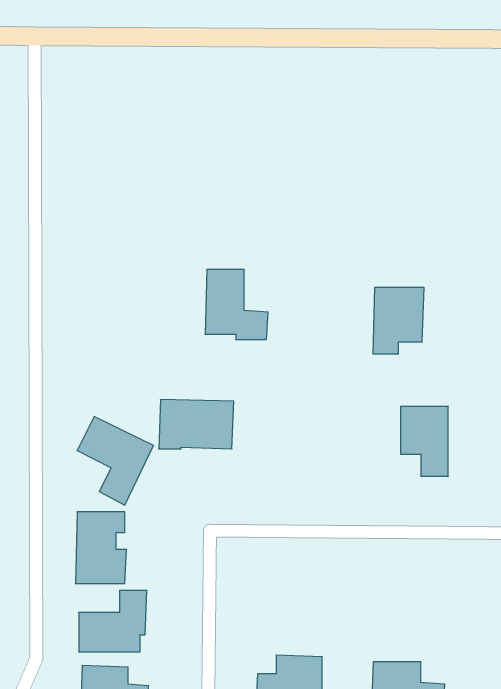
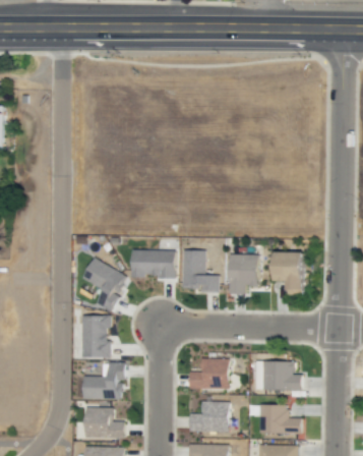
building: [205,270,268,339] -> [182,250,220,292]
building: [373,287,424,354] -> [229,254,259,294]
building: none -> [189,358,229,389]
building: none -> [255,360,302,391]

